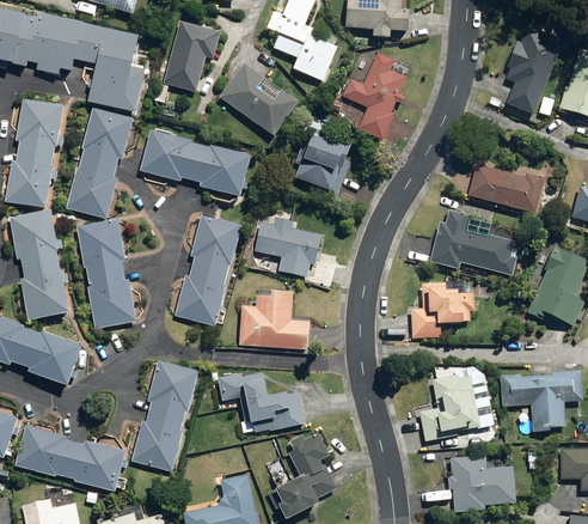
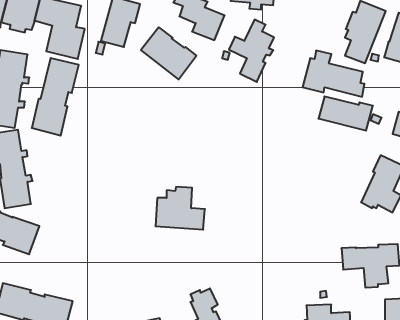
building: [295,127,351,197] -> none
building: [140,129,249,195] -> none
building: [429,209,516,274] -> [302,51,365,97]
building: [176,214,240,324] -> none
building: [256,217,320,276] -> none
building: [76,218,136,328] -> none
building: [412,281,474,336] -> none
building: [133,359,198,470] -> none
building: [223,372,311,432] -> none
building: [419,373,479,440] -> none

